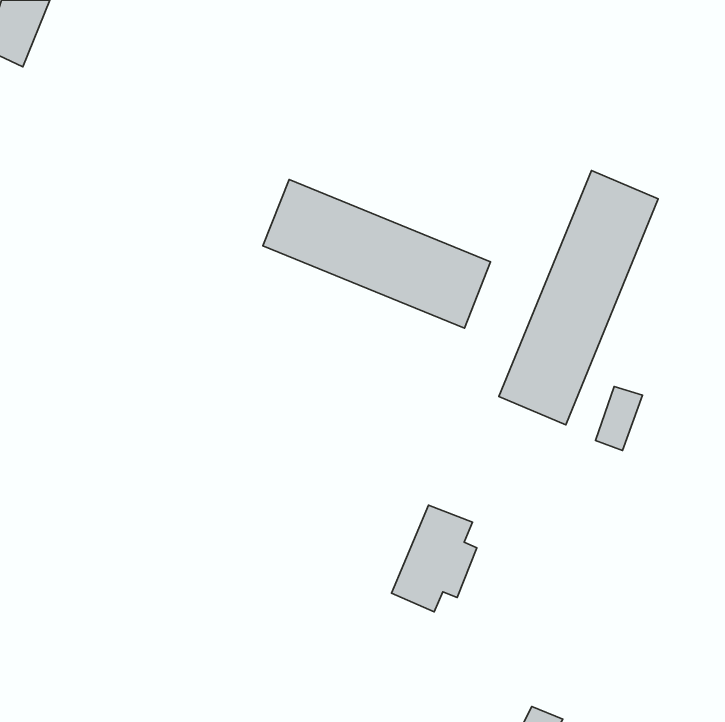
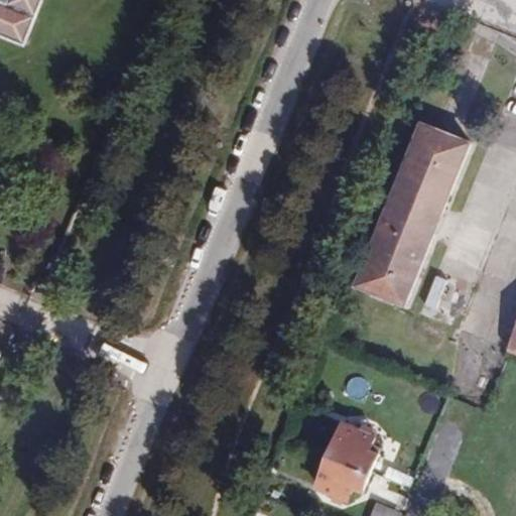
building: [263,179,491,328] -> none
building: [392,505,477,612] -> [314,421,375,497]

